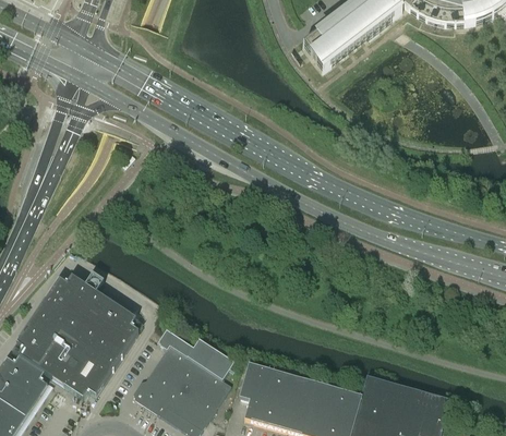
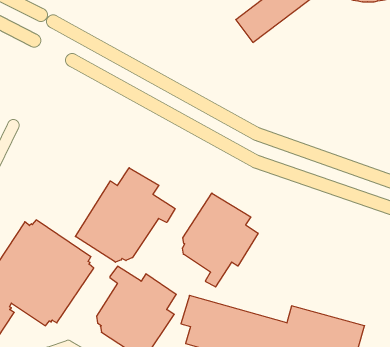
building: none -> [75,168,175,262]
building: none -> [182,193,258,287]

